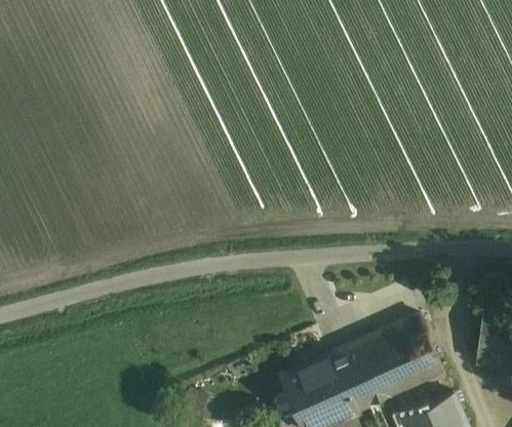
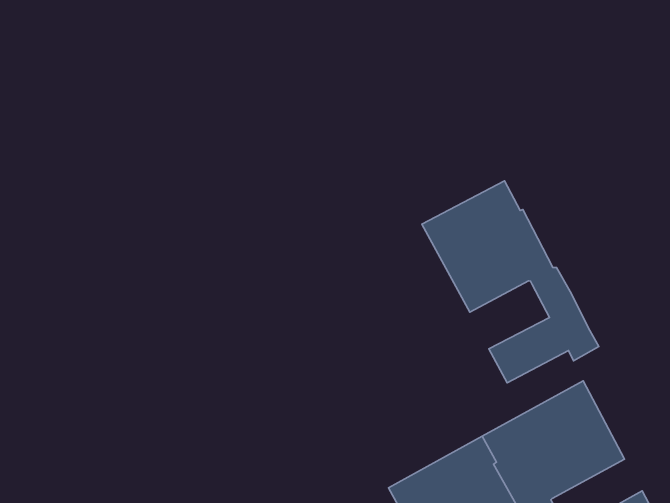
building: none -> [422,181,599,383]

